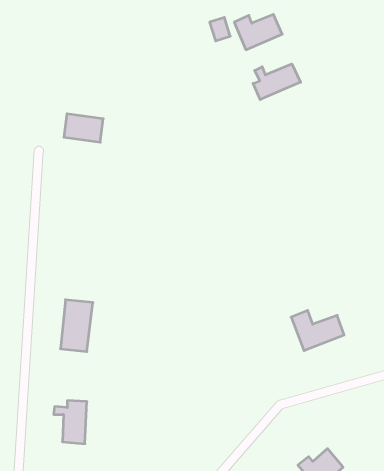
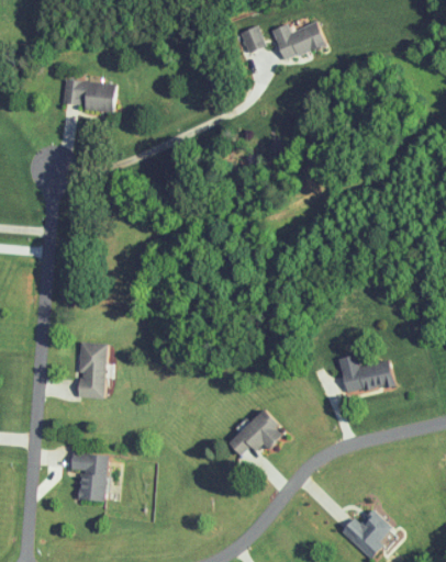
building: [253,64,301,100] -> none
building: [64,114,103,142] -> [68,78,112,110]
building: none -> [226,406,281,462]

